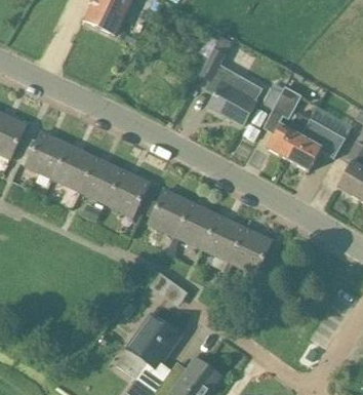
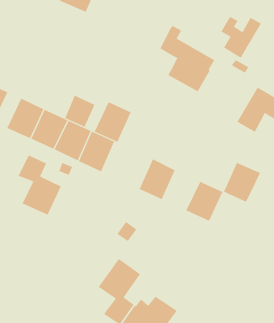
building: [264,111,311,159] -> [221,16,262,58]
building: none -> [65,95,95,128]
building: [148,189,191,236] -> [94,101,131,143]
building: none -> [18,154,62,216]
building: [202,214,245,261] -> [223,162,261,203]

